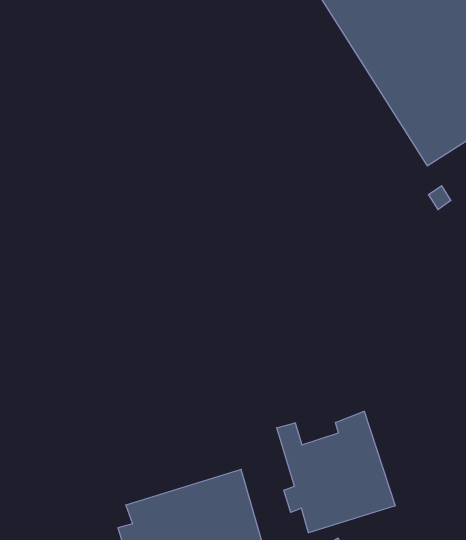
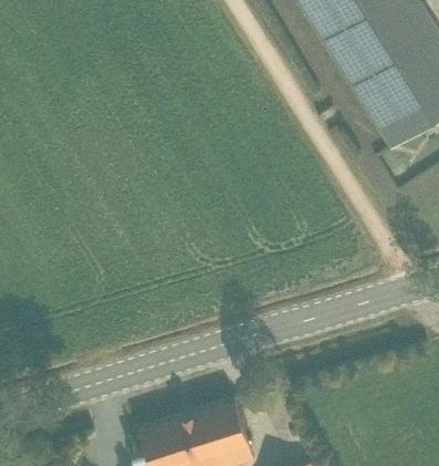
building: [277,411,395,533] -> none

